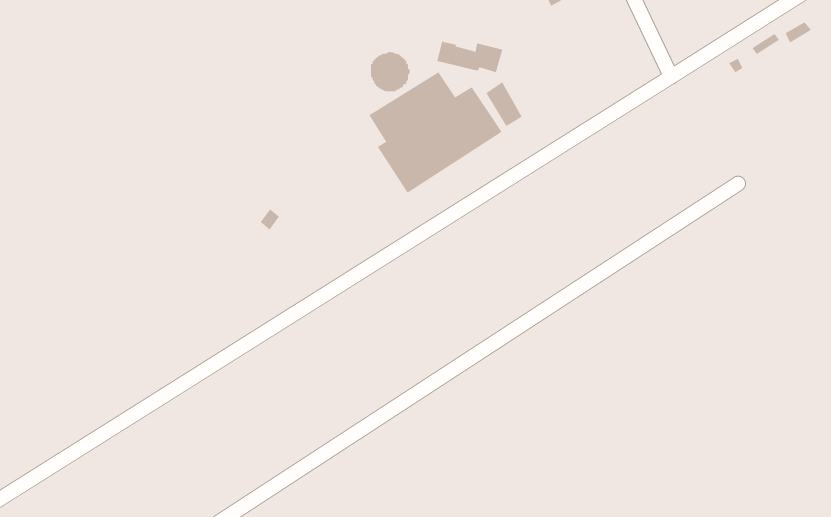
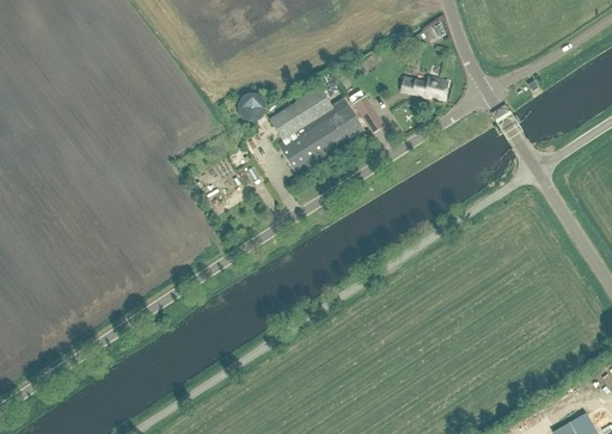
building: [436,41,503,73] -> [400,74,448,97]
building: [370,52,410,92] -> [238,91,267,120]

